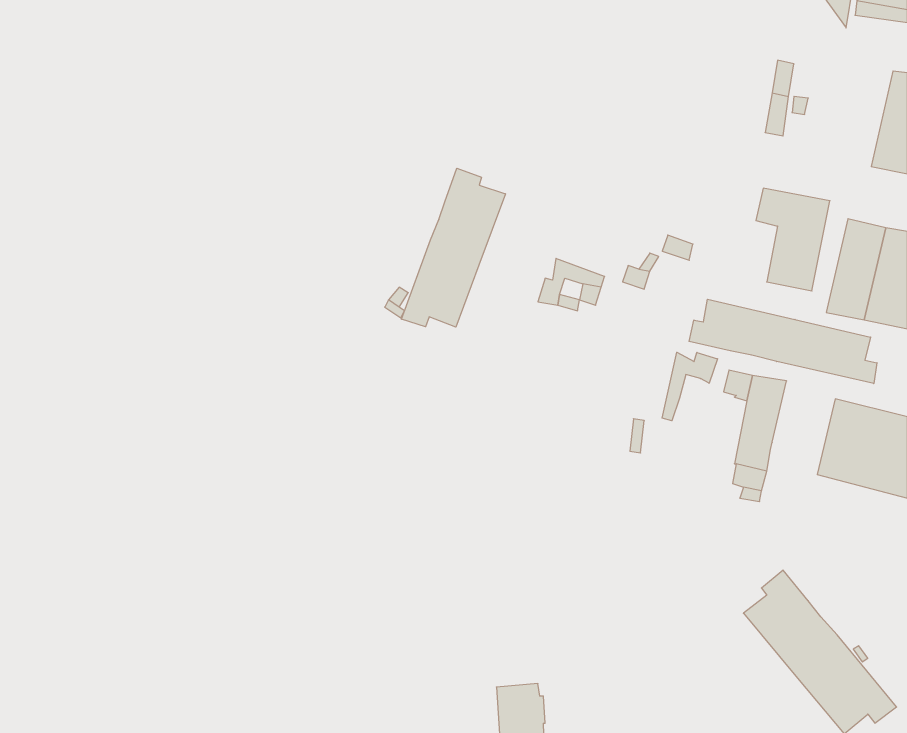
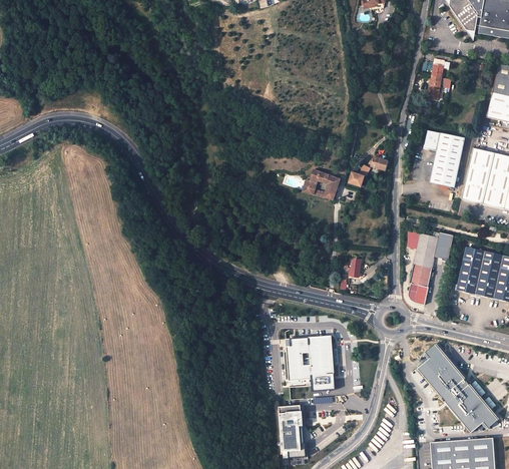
building: [401,168,505,327] -> none
building: [689,299,877,384] -> none
building: [662,352,718,421] -> none
building: none -> [285,337,334,387]

